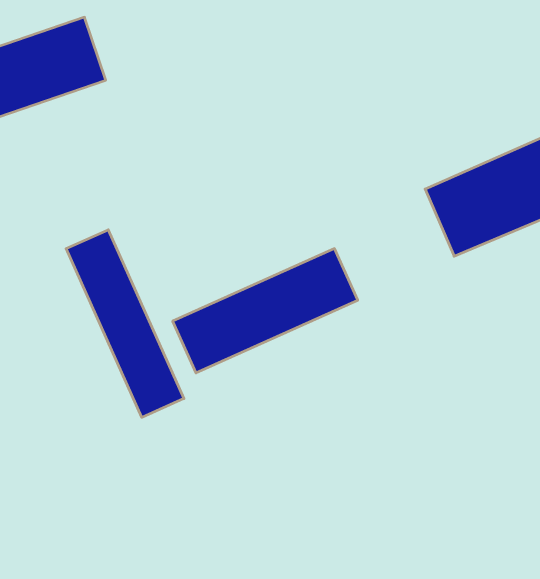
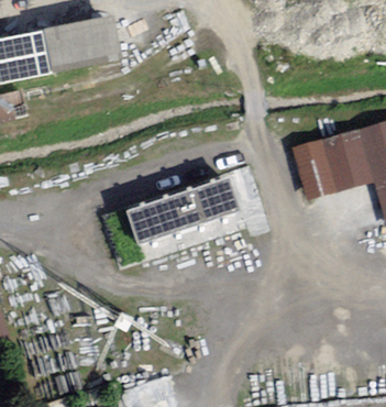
building: [66,230,184,417] -> none

